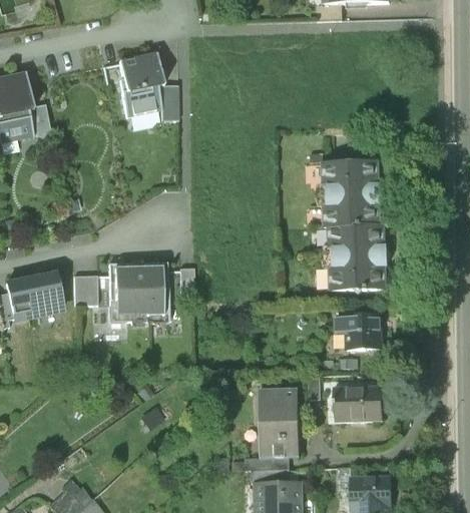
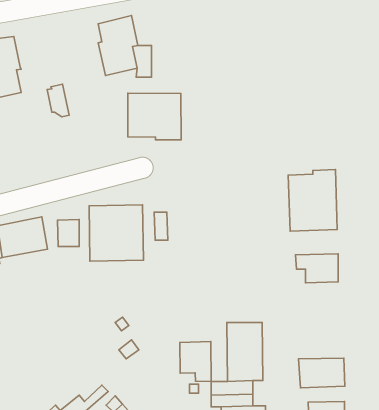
building: [27,105,51,141] -> [47,84,69,117]
building: none -> [128,93,181,140]
building: [322,161,380,227] -> none
building: [333,388,384,421] -> [299,358,345,388]
building: none -> [180,341,211,381]

